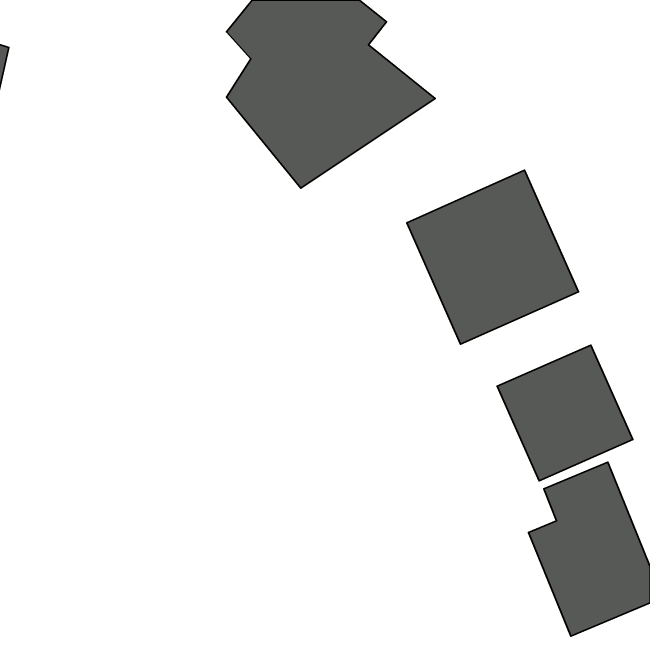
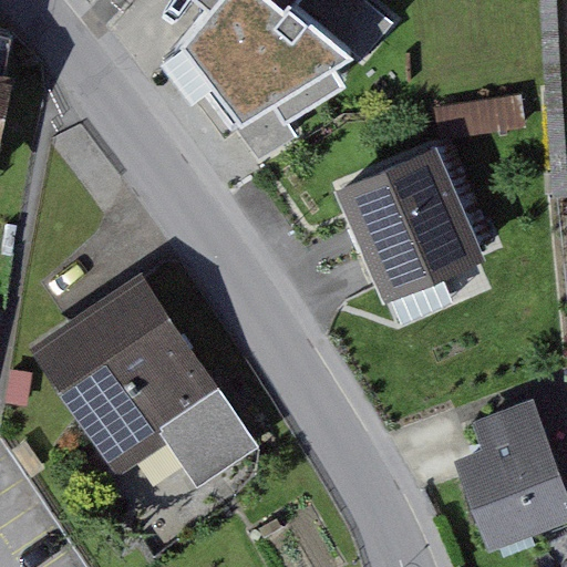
building: none -> [30,276,251,489]
building: [497,345,633,481] -> none

